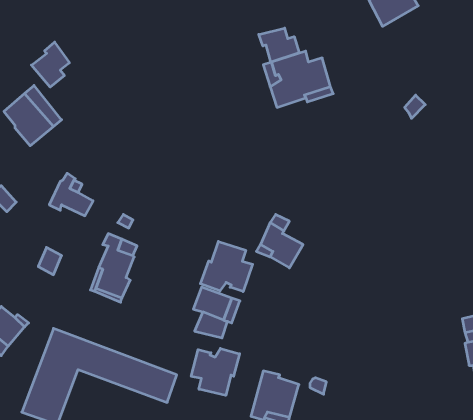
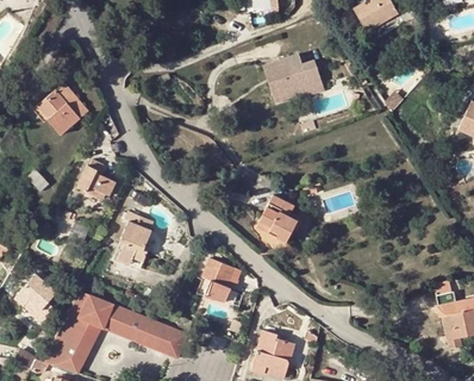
building: [259,28,299,62] -> none
building: [31,42,69,87] -> none
building: [200,241,253,292] -> none
building: [191,348,240,395] -> none

